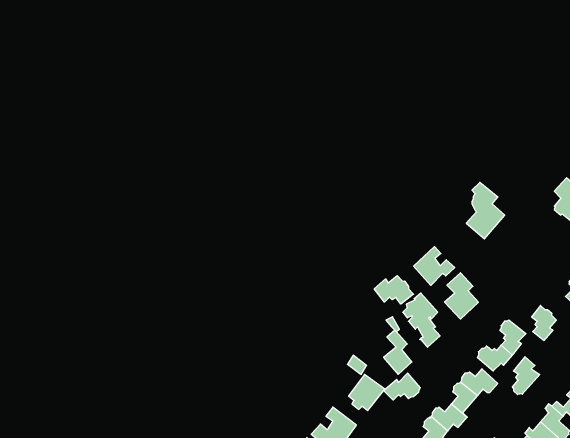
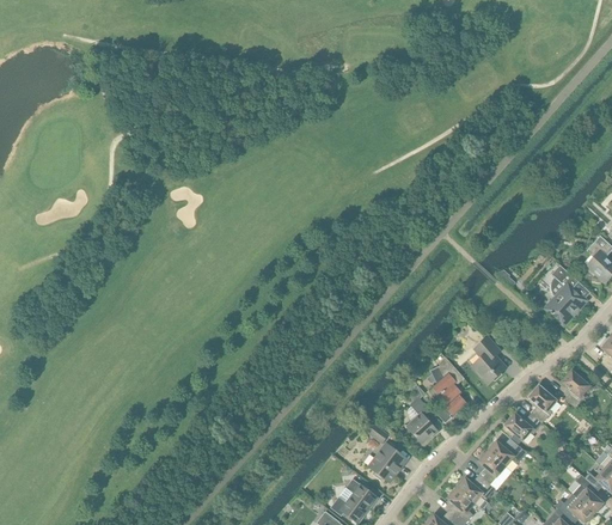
building: [466,182,505,239] -> [545,264,586,324]
building: [414,247,455,285] -> none
building: [374,276,414,304] -> none
building: [512,357,540,395] -> none
building: [384,373,420,400] -> none

